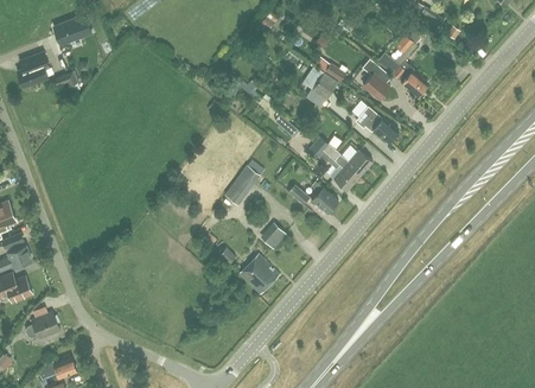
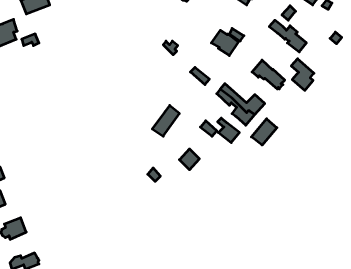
building: [361,57,390,98] -> [291,59,314,90]
building: none -> [251,119,277,145]
building: [238,254,278,294] -> none

